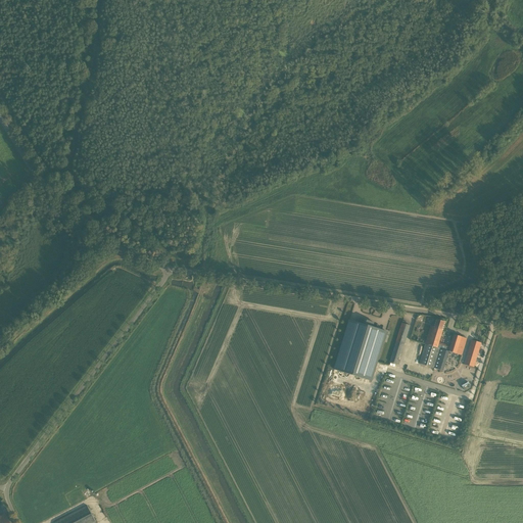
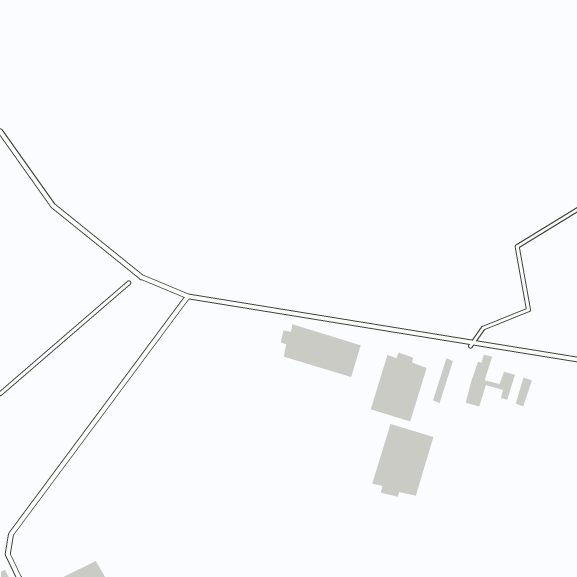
building: none -> [280,324,361,378]
building: none -> [372,423,434,498]

